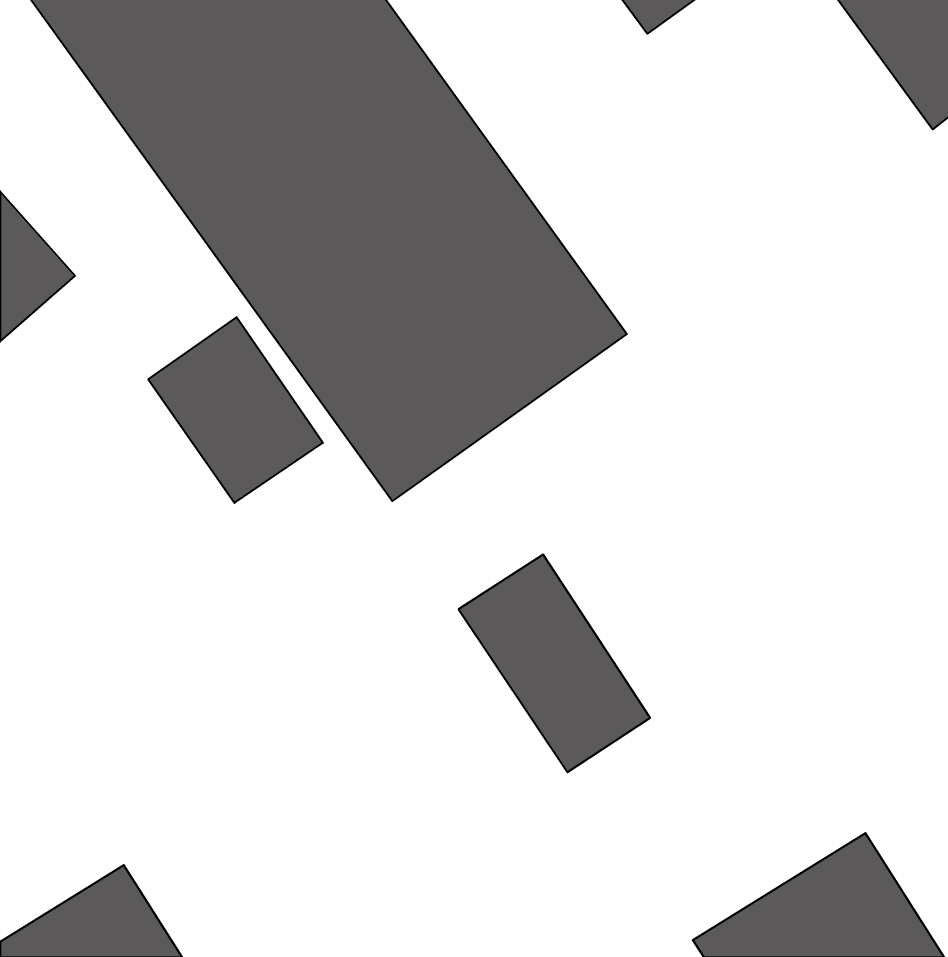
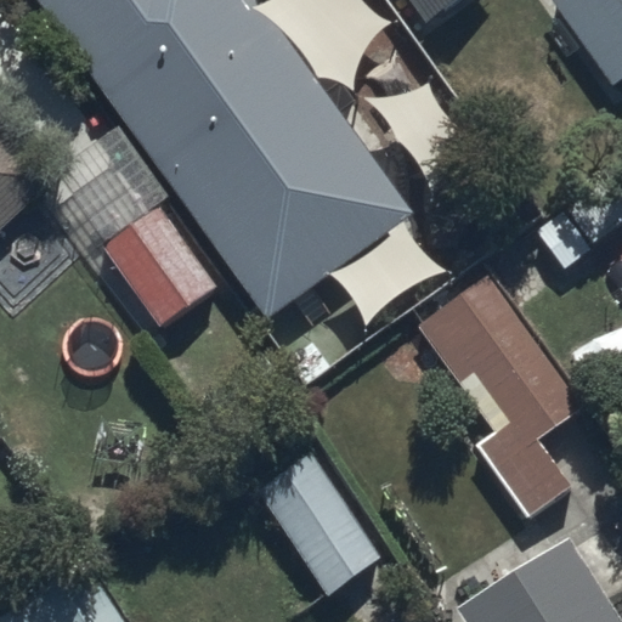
building: none -> [419,276,583,515]
building: [459,555,650,772] -> [256,449,380,590]

